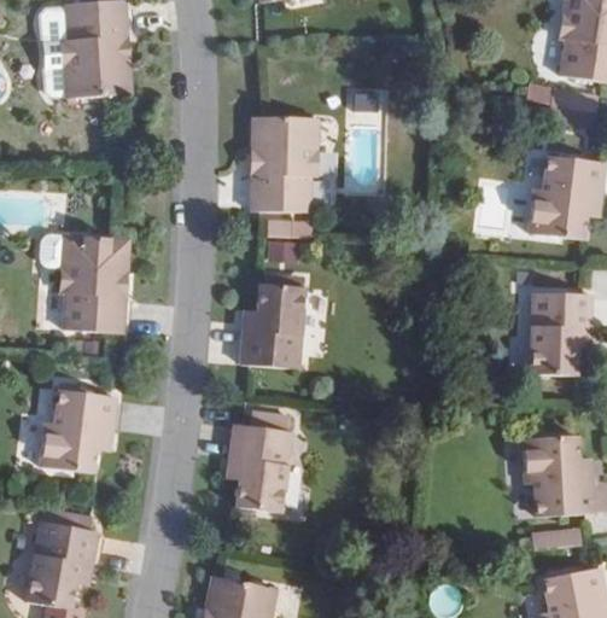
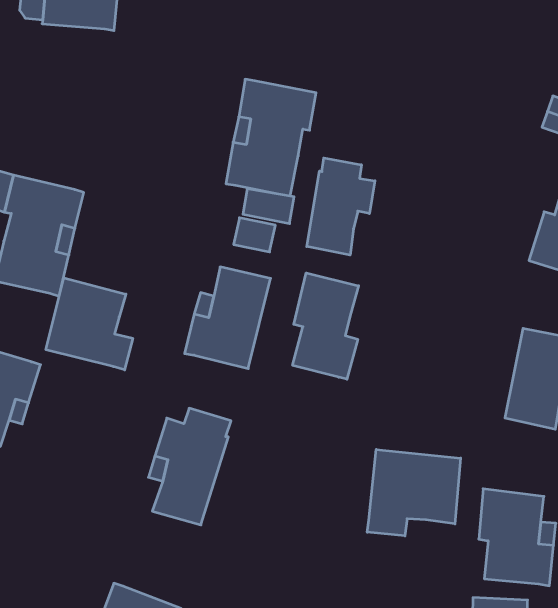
building: none -> [307,158,375,255]
building: none -> [293,273,359,379]
building: none -> [46,278,133,370]
building: none -> [367,449,461,536]

